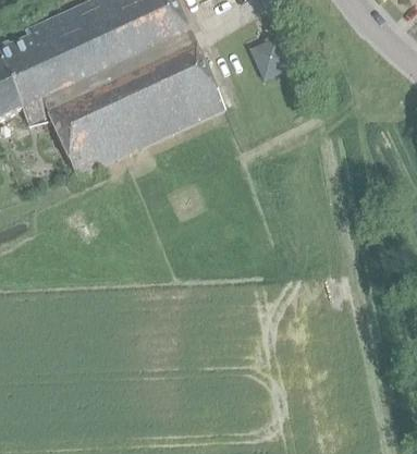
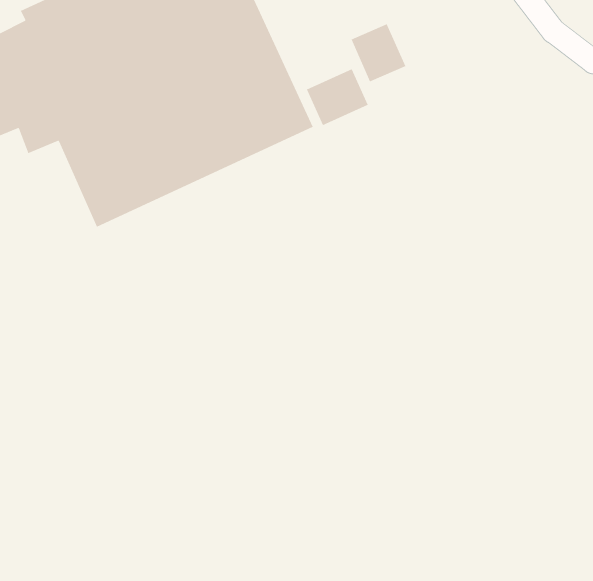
building: none -> [306,68,369,126]

